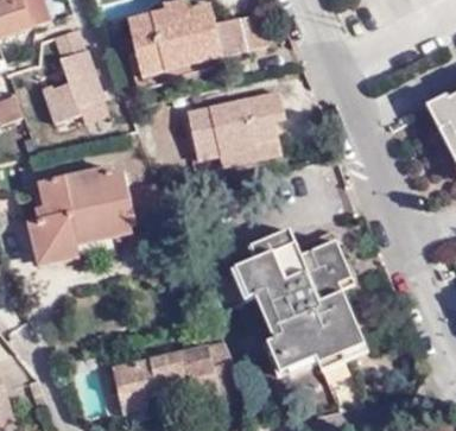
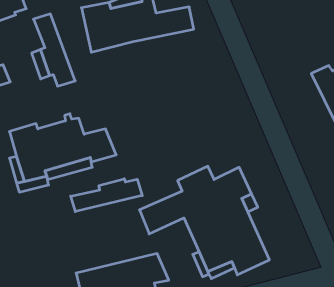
building: [188,87,305,170] -> none
building: none -> [71,179,142,212]

